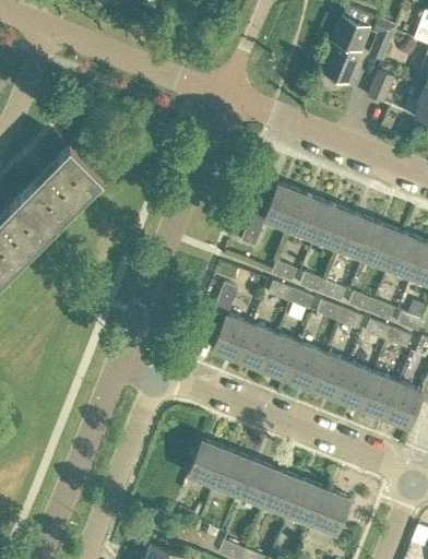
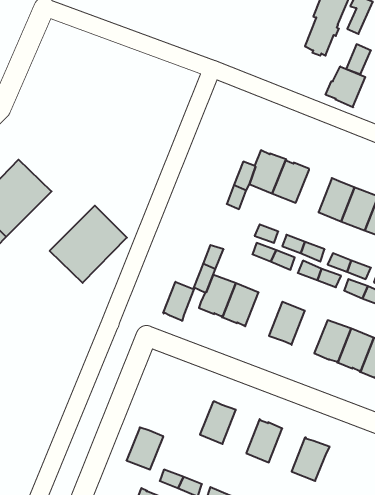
building: none -> [326,66,365,107]
building: [22,146,104,228] -> [50,206,127,283]
building: [316,205,354,250] -> none
building: none -> [163,282,194,321]
building: [262,335,301,381] -> none
building: [311,355,349,400] -> none
building: [189,441,228,486] -> [126,427,163,470]
building: [238,460,277,506] -> none
building: [287,479,325,525] -> none

